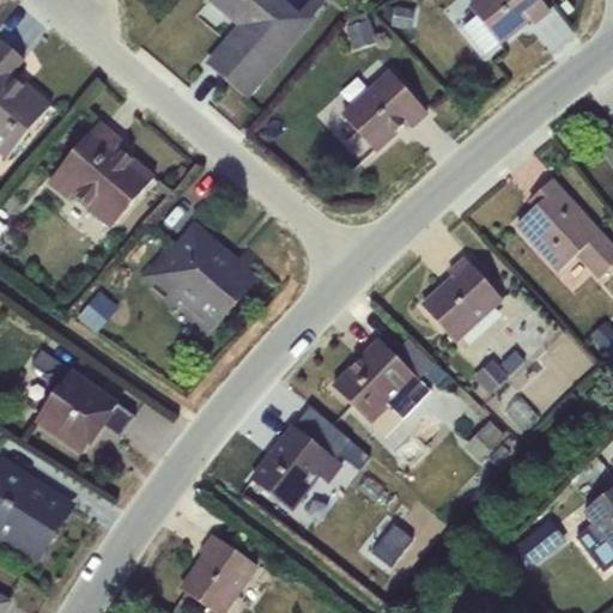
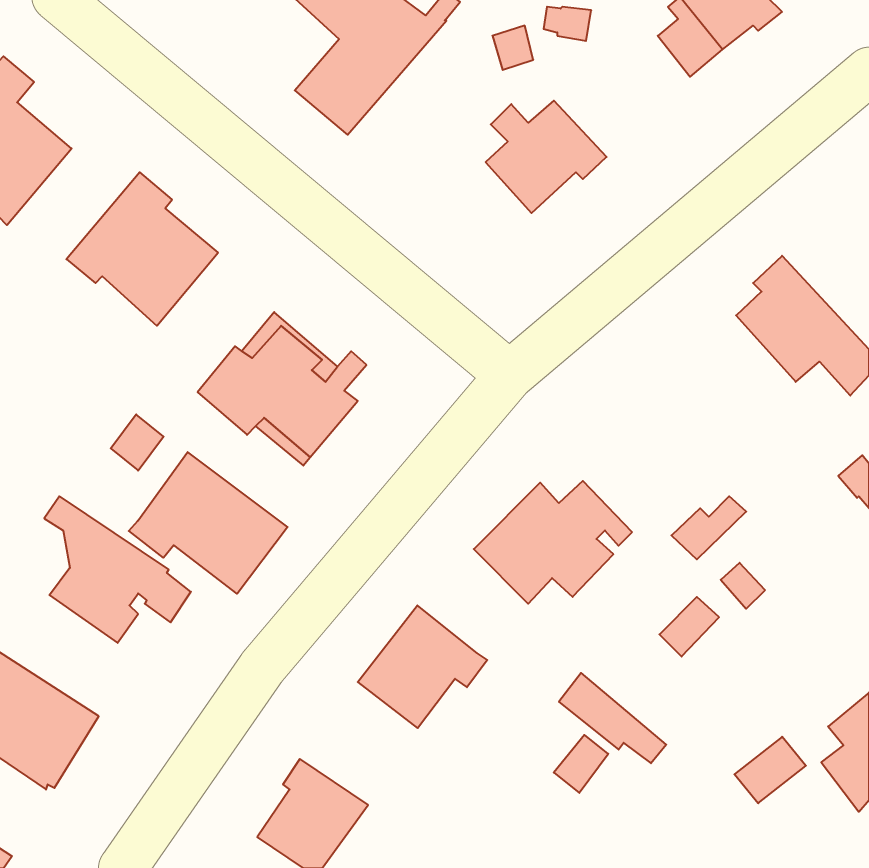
building: [421,257,503,342] -> none
building: none -> [129,452,288,594]
building: [293,405,369,468] -> [559,673,666,763]

